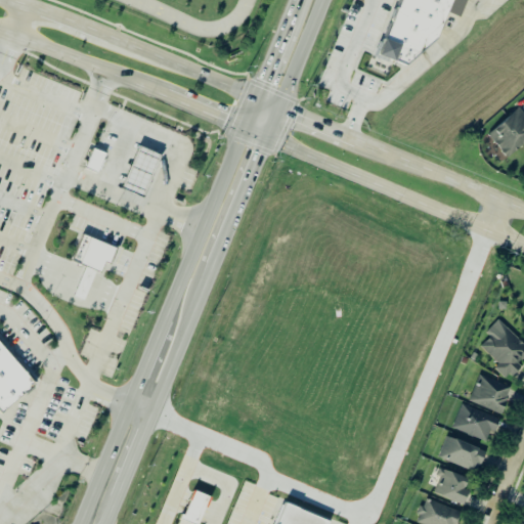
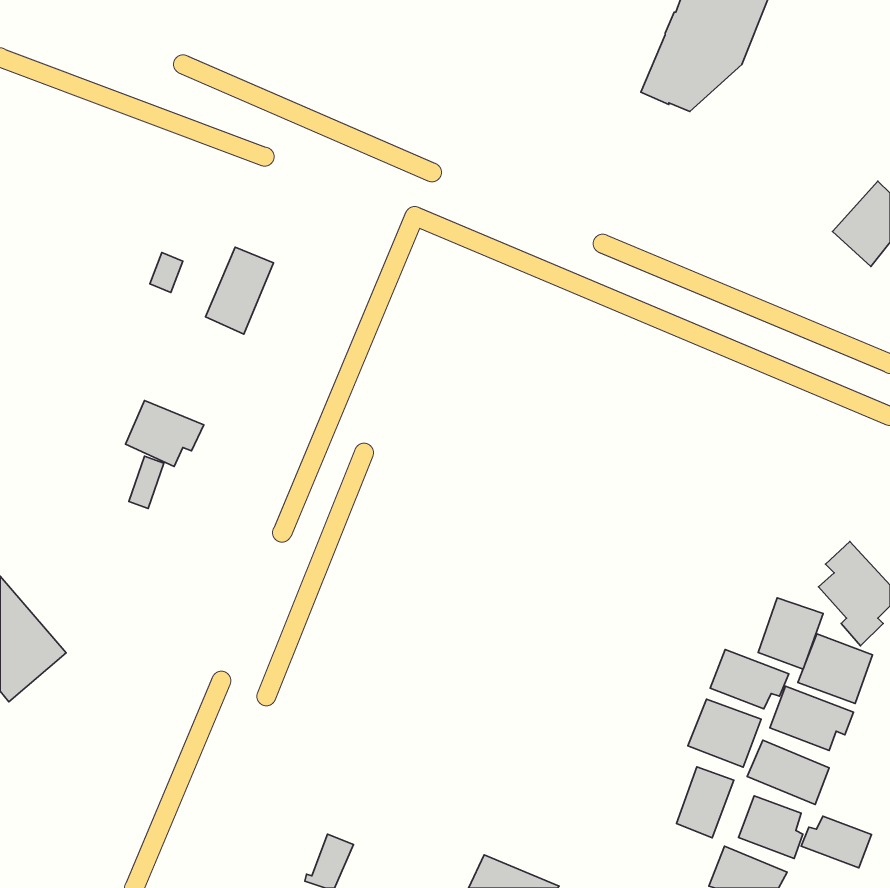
building: none -> [758,598,823,669]
building: none -> [710,649,789,709]
building: none -> [688,699,761,767]
building: none -> [676,767,734,838]
building: none -> [801,816,871,868]

